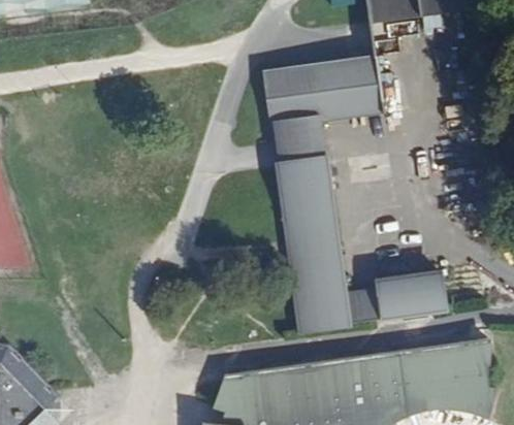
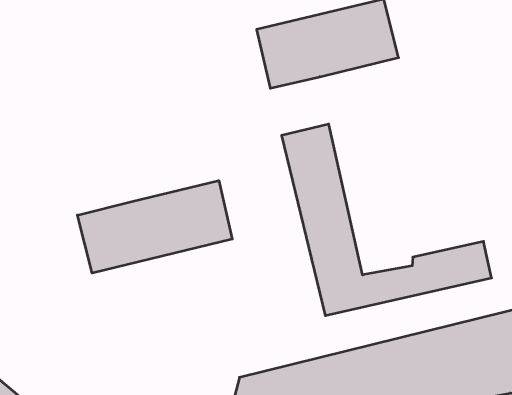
building: [271,123,319,170] -> none
building: none -> [77,181,232,273]

